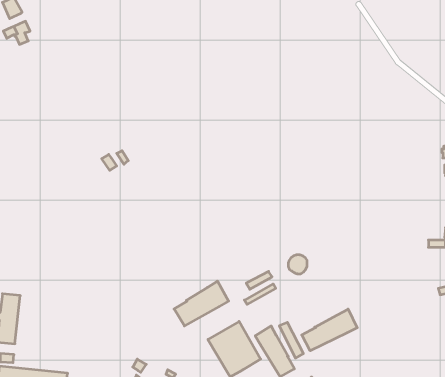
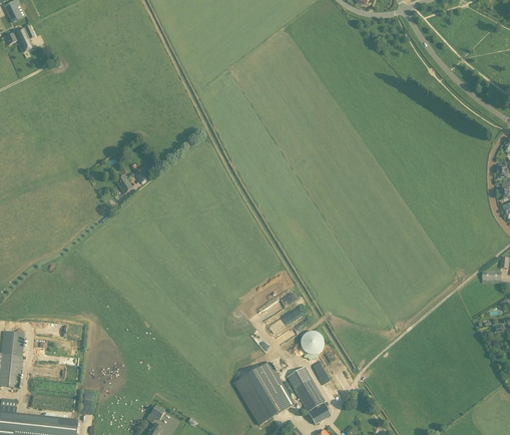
building: [288,255,307,274] -> [302,331,323,352]
building: [174,281,229,326] -> none
building: [302,309,357,351] -> none

